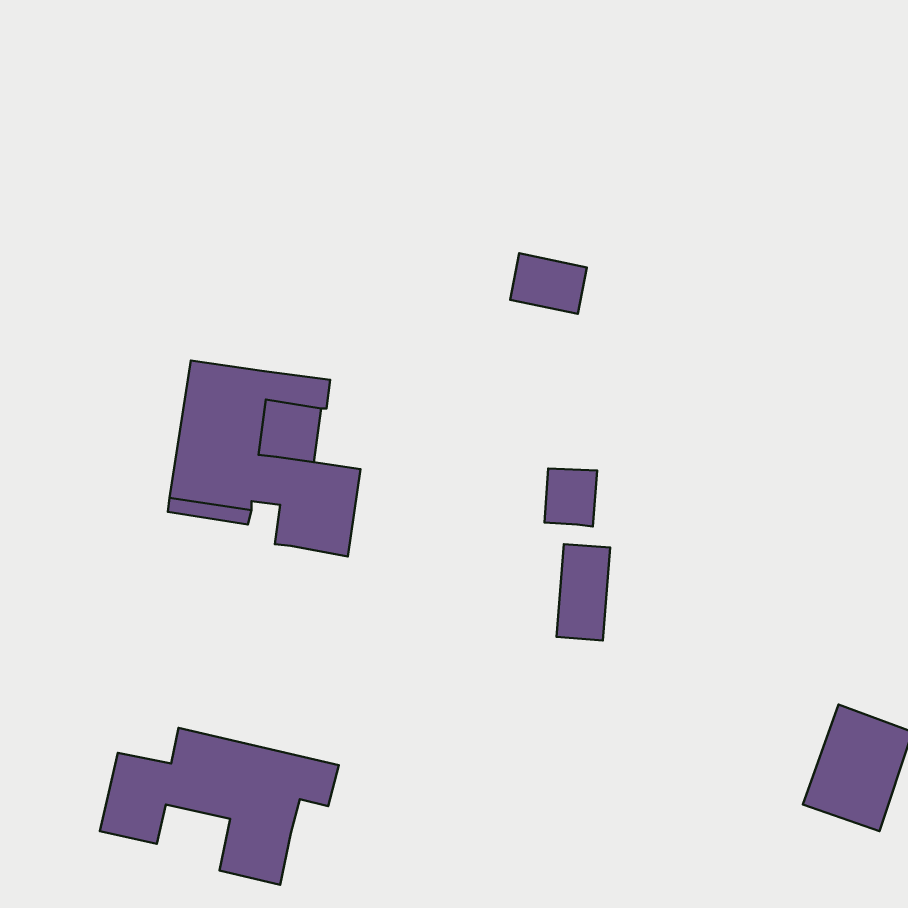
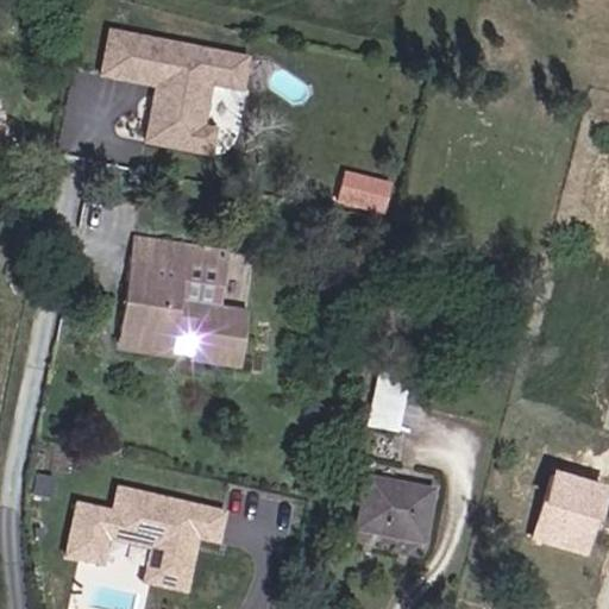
building: none -> [105,27,252,153]
building: [544,469,597,526] -> none
building: none -> [353,476,431,542]

